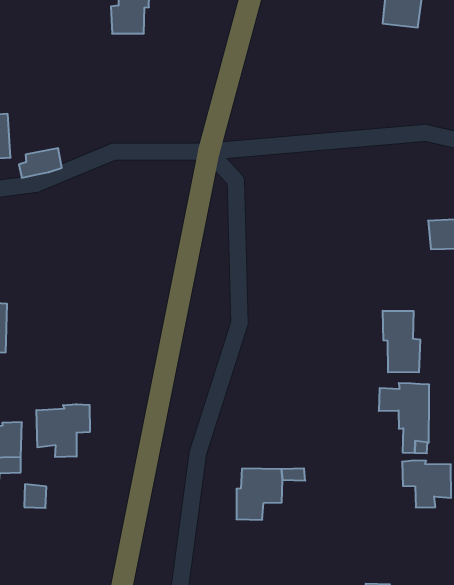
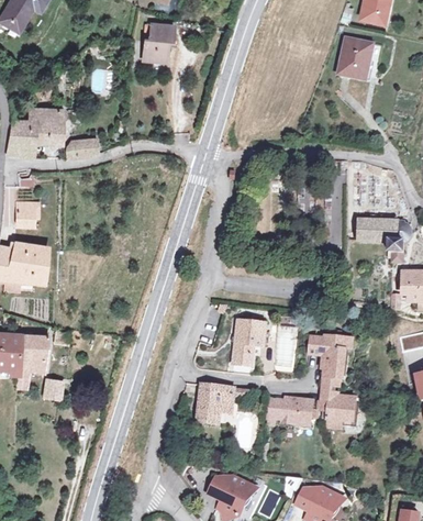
building: [383,311,420,372] -> none
building: none -> [233,319,266,365]
building: [36,404,90,457] -> none
building: none -> [266,397,312,423]

